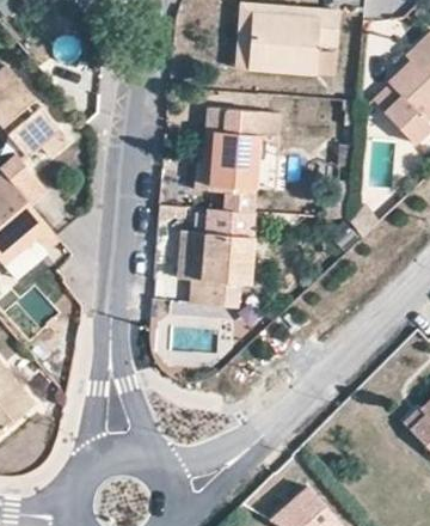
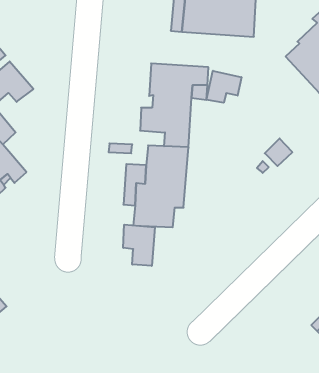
building: none -> [206,71,241,103]
building: none -> [123,225,155,266]

